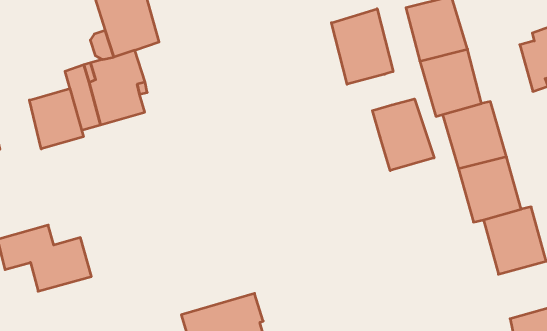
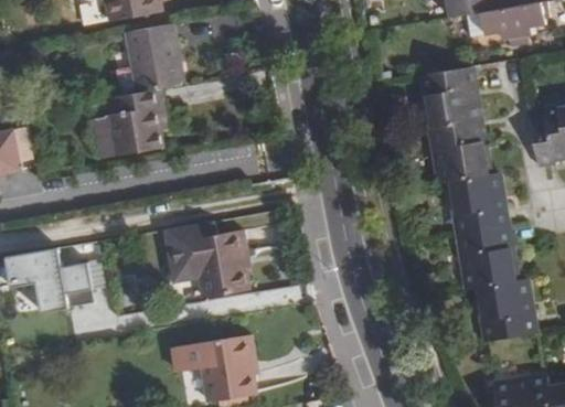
building: [331,9,393,84] -> none
building: [29,89,83,149] -> none
building: [372,99,434,171] -> none
building: none -> [167,221,248,298]

